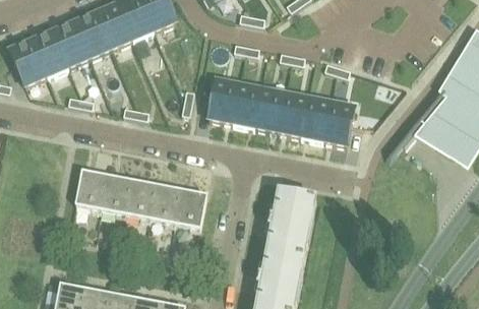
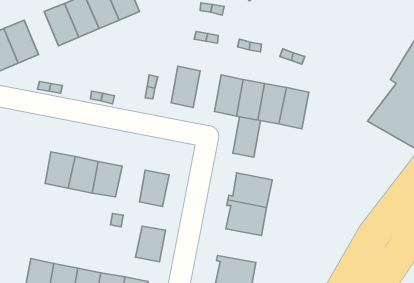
building: [53,20,89,66] -> none
building: [232,83,261,126] -> [233,117,261,157]
building: [149,184,181,222] -> [136,226,165,262]
building: [257,250,304,286] -> none

